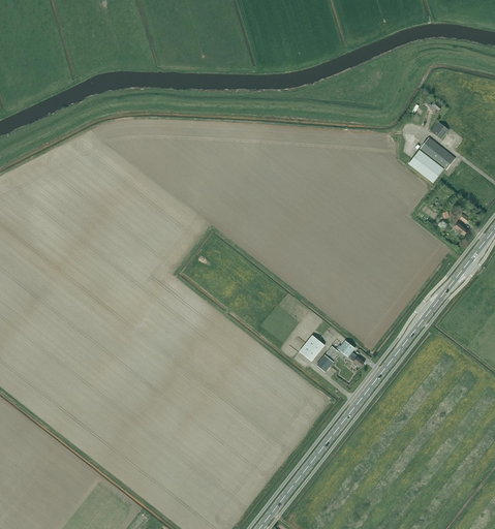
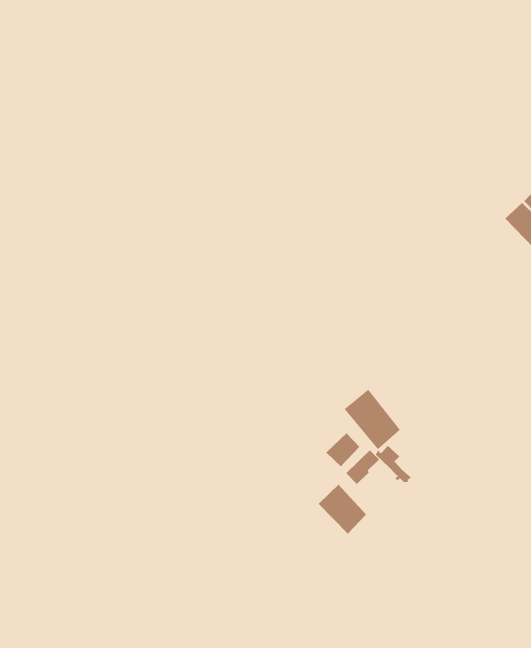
building: none -> [344,389,400,450]
building: none -> [318,484,367,534]

